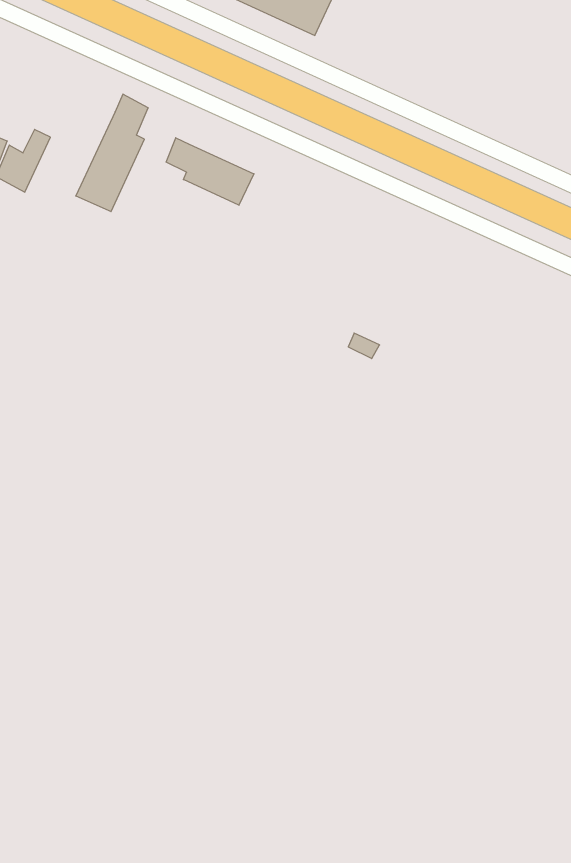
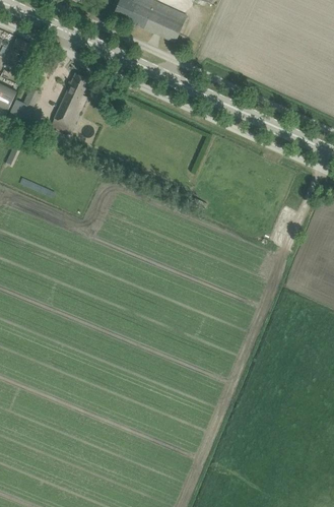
building: [166,138,254,205] -> none

